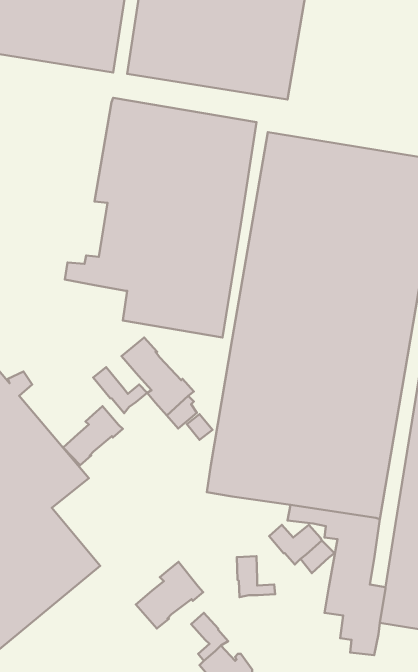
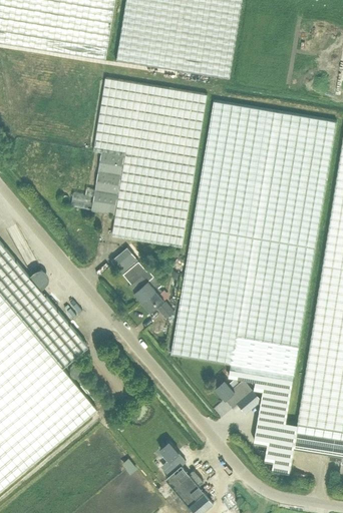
building: [93,367,147,413] -> none
building: [63,406,123,465] -> none
building: [237,556,275,597] -> none
building: [136,562,203,628] -> none

